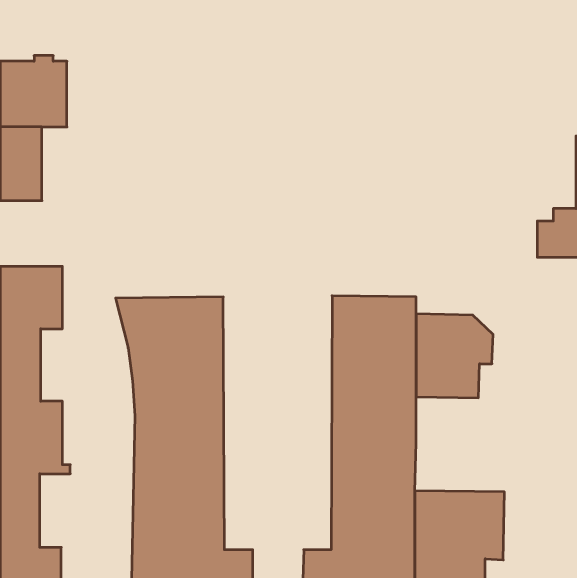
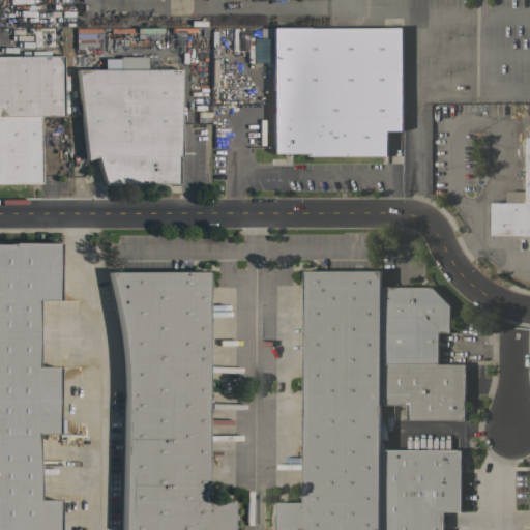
building: none -> [272,28,404,156]
building: none -> [78,58,181,185]
building: none -> [382,363,467,420]

